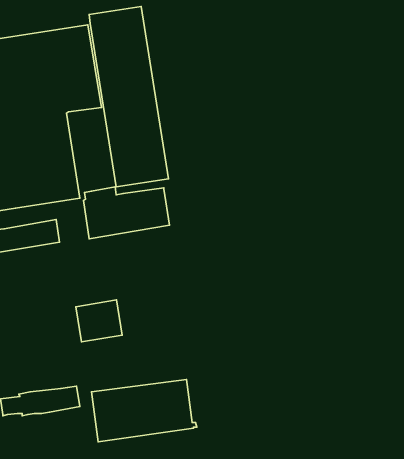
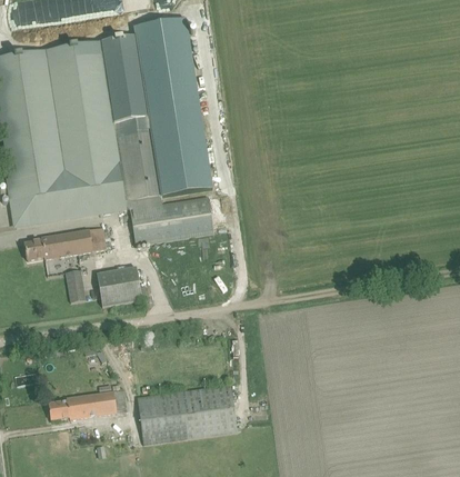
building: none -> [114,117,160,200]
building: none -> [64,269,86,301]
building: [76,300,122,342] -> [96,266,141,307]

